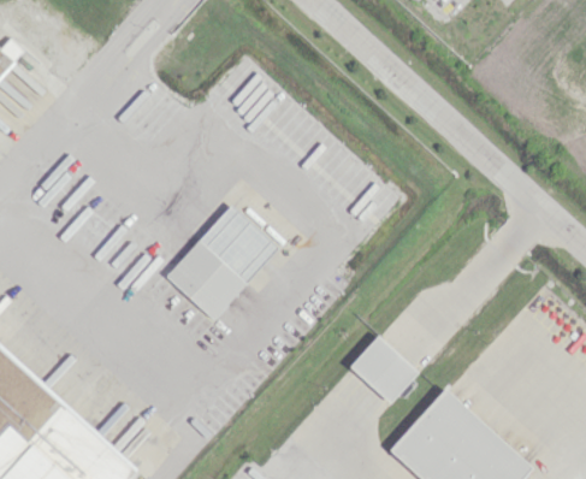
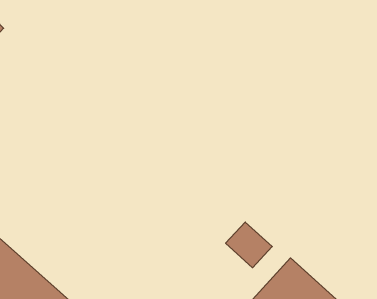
building: [164,206,277,321] -> none

